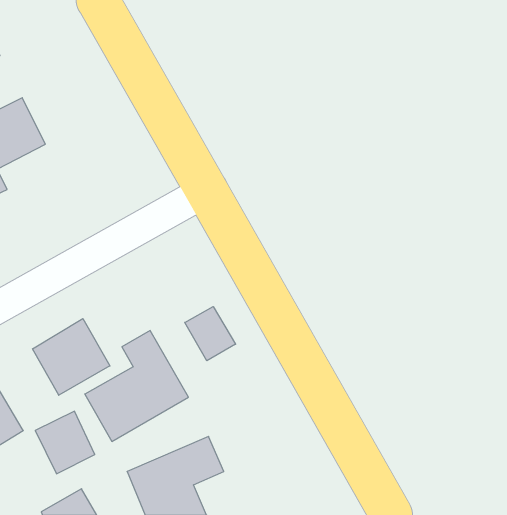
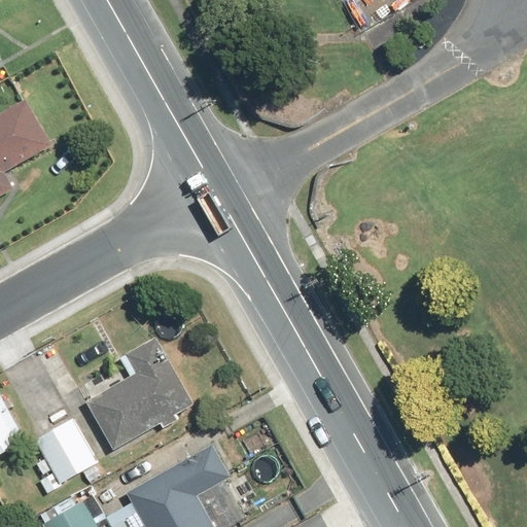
building: [185,307,236,361] -> none
building: [33,319,110,395] -> none

